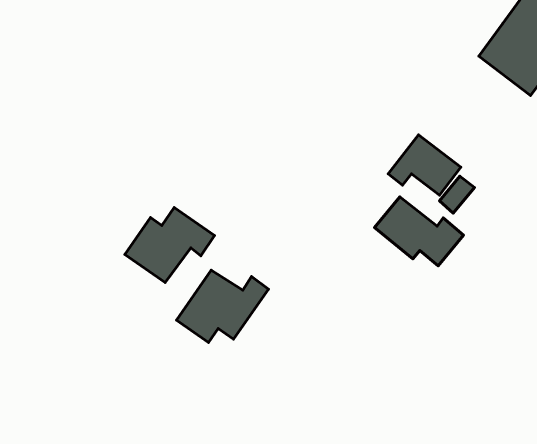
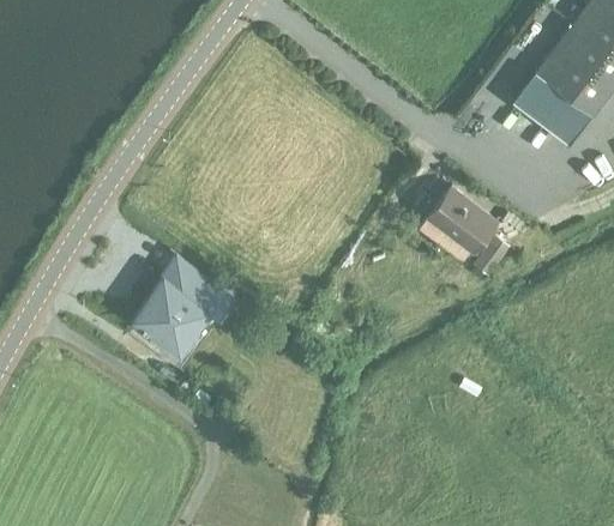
building: [374,197,463,266] -> none
building: [176,270,268,342] -> none

